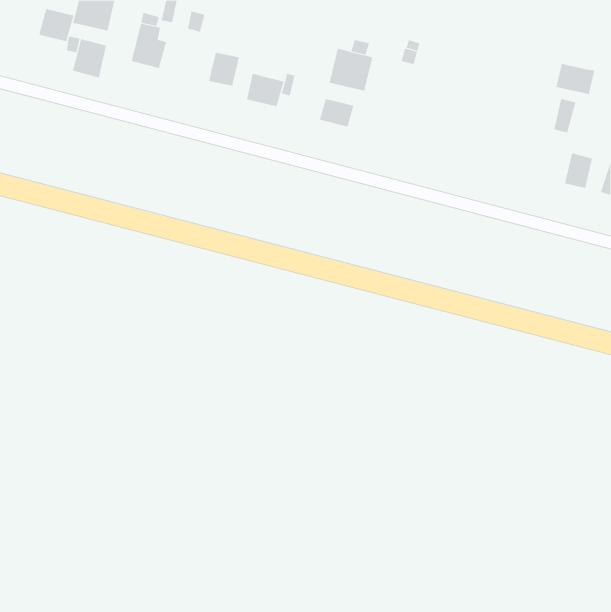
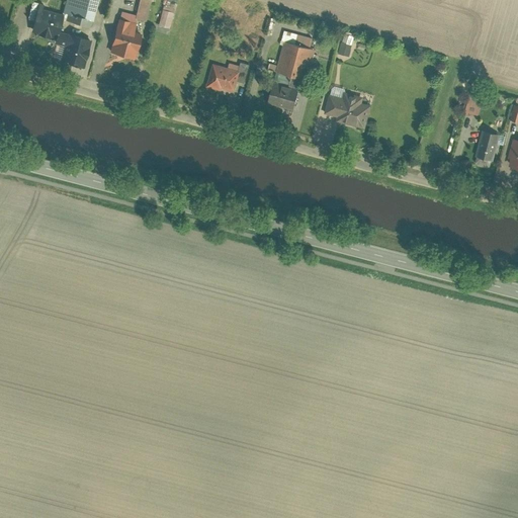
building: [209,52,239,86] -> none
building: [556,63,595,95] -> none
building: none -> [325,92,370,127]

